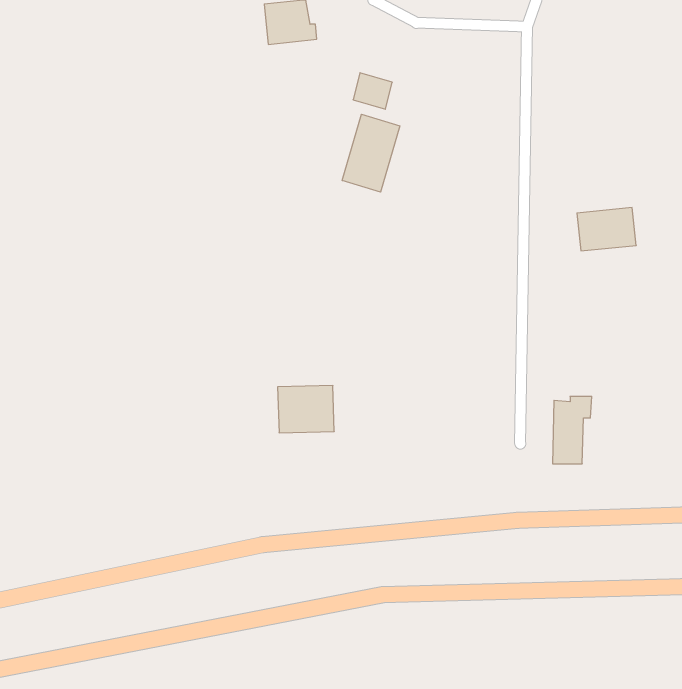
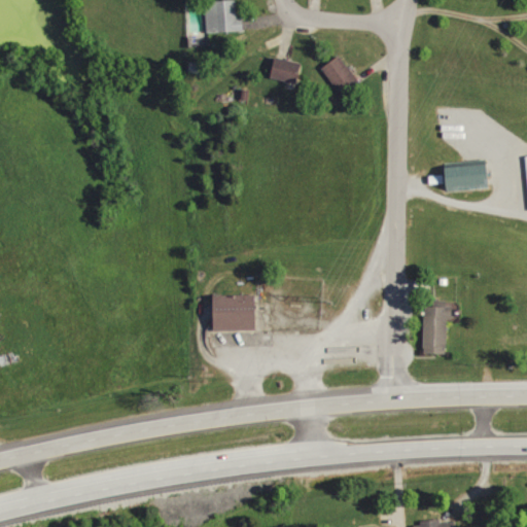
building: none -> [320,56,359,96]
building: [342,114,400,192] -> none

